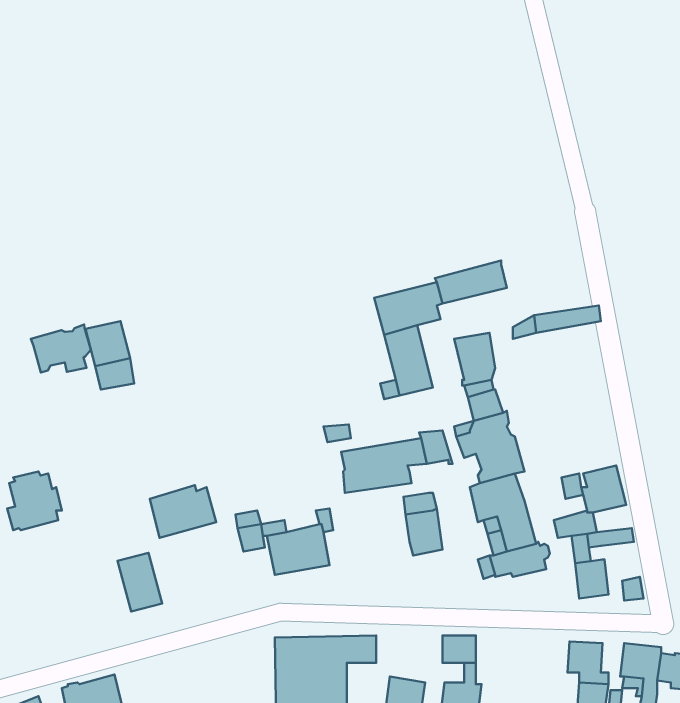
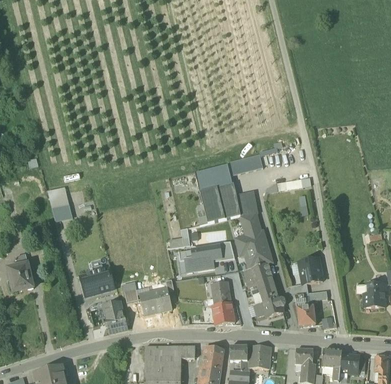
building: none -> [217,183,241,219]
building: [31,325,91,372] -> none
building: none -> [212,302,235,325]
building: [117,553,162,611] -> [104,302,127,332]
building: none -> [249,346,270,368]
building: none -> [203,347,224,370]

